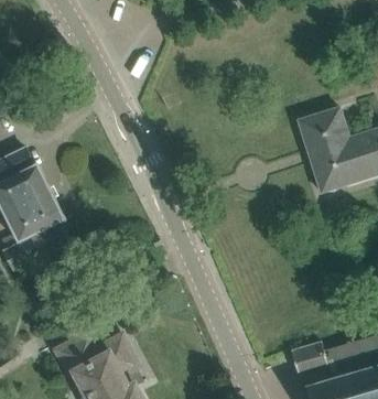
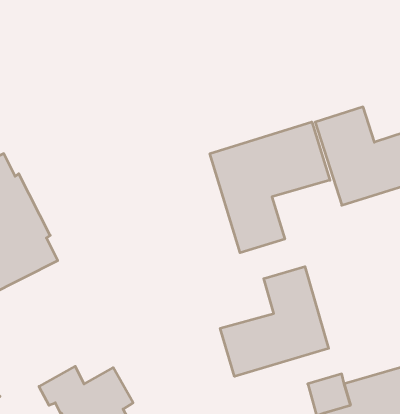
building: none -> [210,122,330,253]
building: none -> [220,267,329,376]

